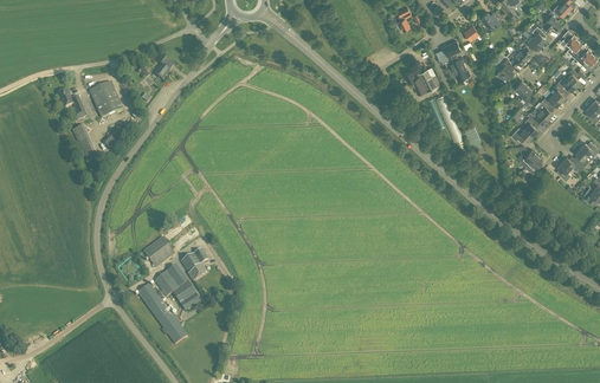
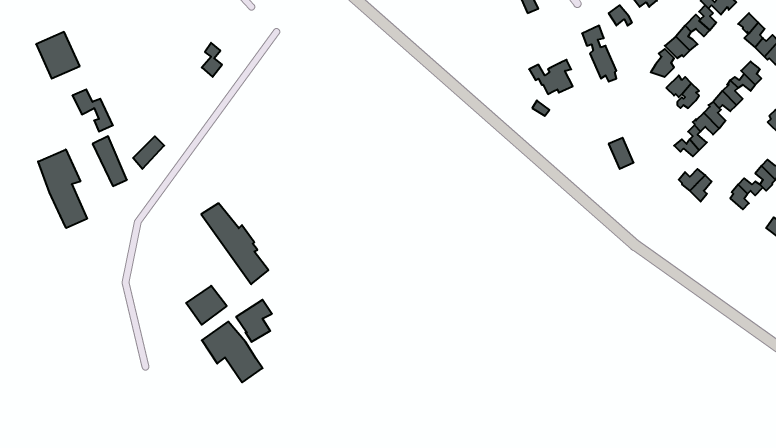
building: [89,82,122,117] -> [36,32,80,79]
building: none -> [38,149,87,228]
building: [136,284,187,345] -> [201,203,268,284]

